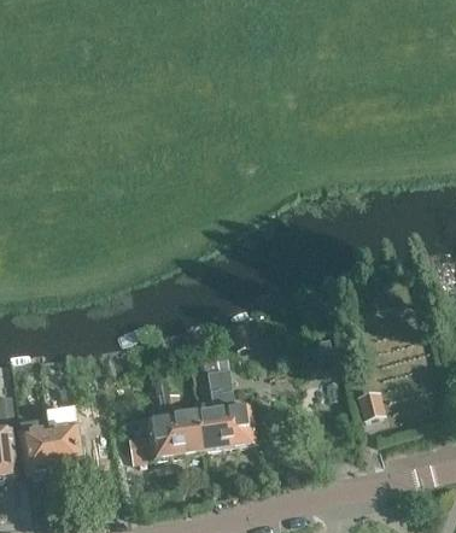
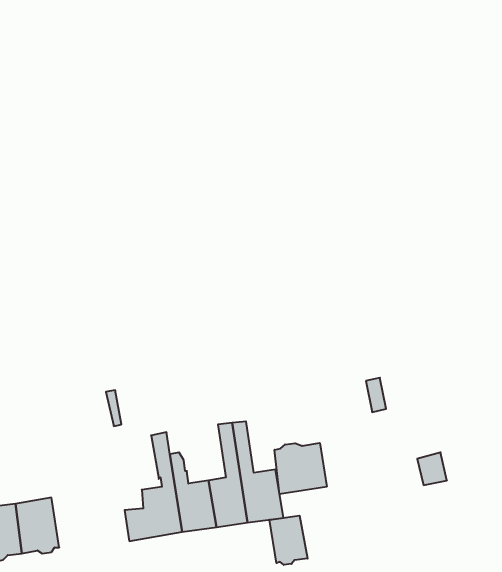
building: none -> [275,443,327,494]
building: none -> [270,516,308,565]

